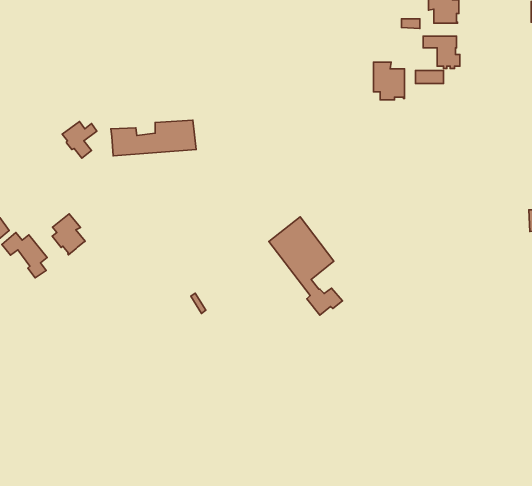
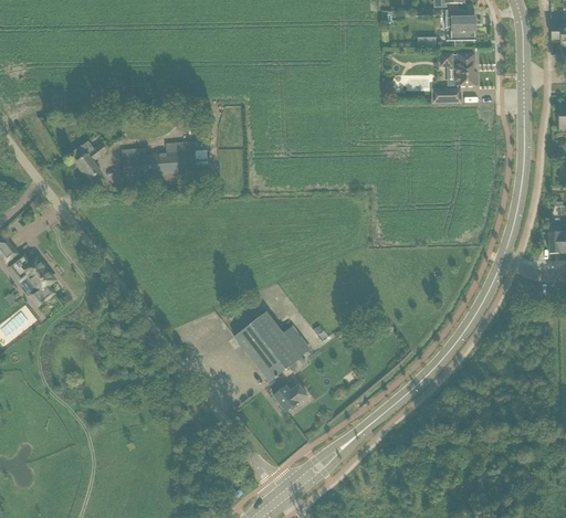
building: [373,62,404,100] -> none
building: [52,214,85,255] -> none
building: [269,217,342,315] -> [234,310,310,411]

